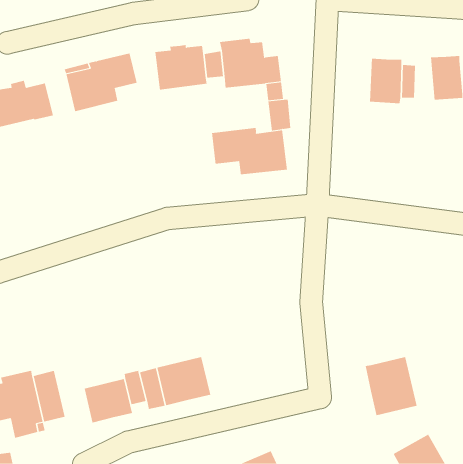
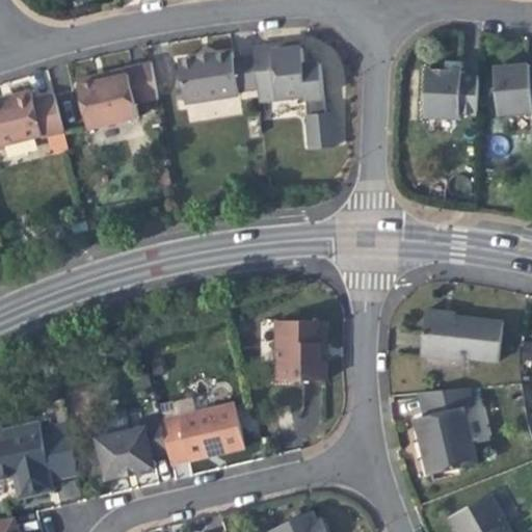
building: [211,127,288,175] -> none
building: none -> [421,309,504,361]
building: none -> [278,321,329,381]
building: none -> [419,388,472,417]

